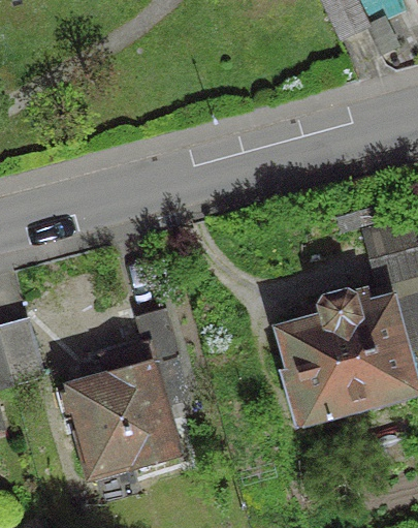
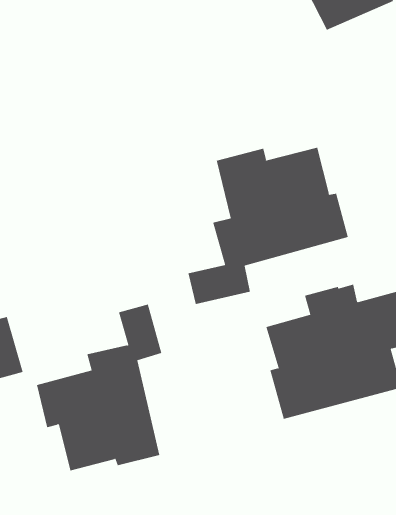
building: none -> [188,147,348,305]

